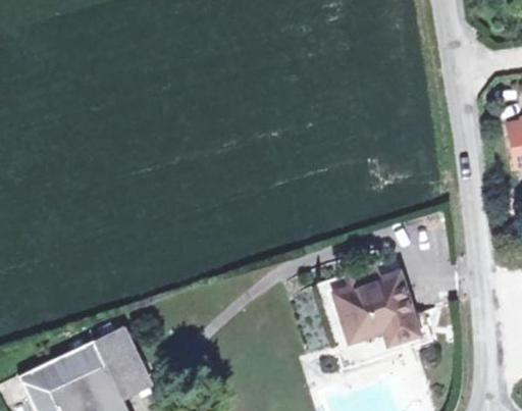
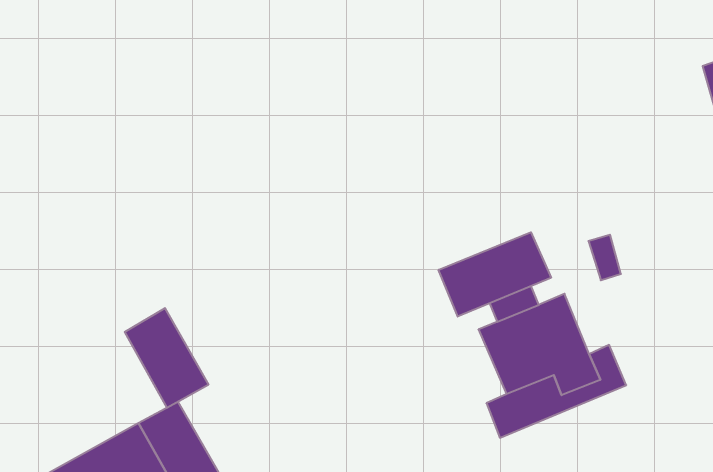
building: none -> [439,232,551,317]
building: none -> [125,308,208,408]

